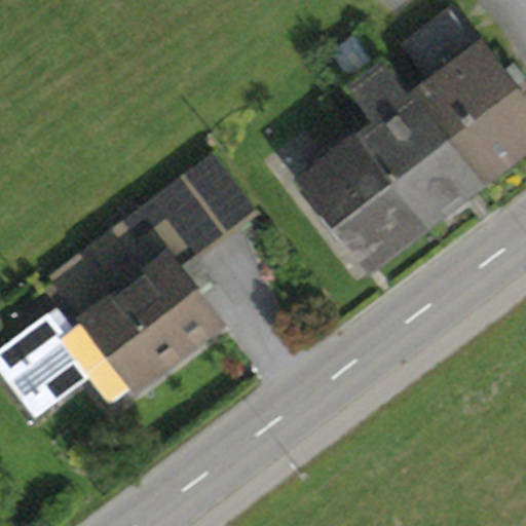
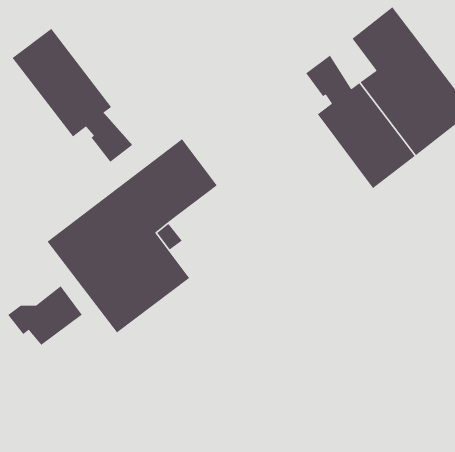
building: none -> [11,28,133,163]
building: [308,136,430,266] -> none

